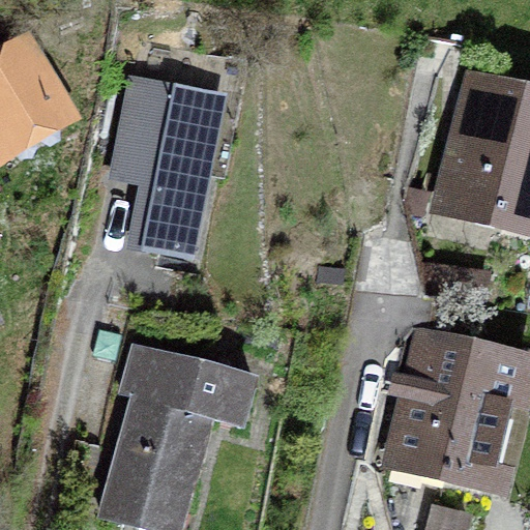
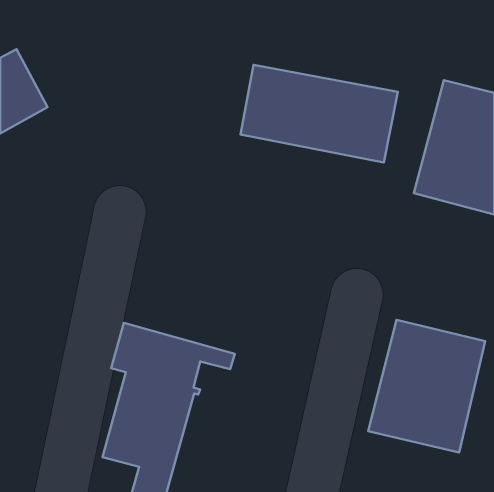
building: [126,50,227,257] -> none
building: none -> [240,65,398,163]

